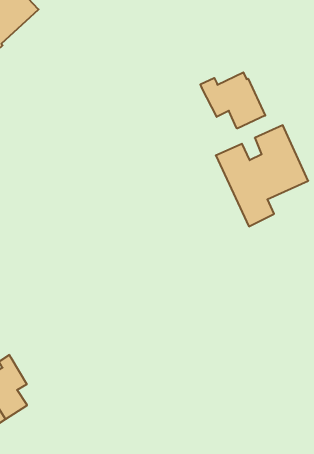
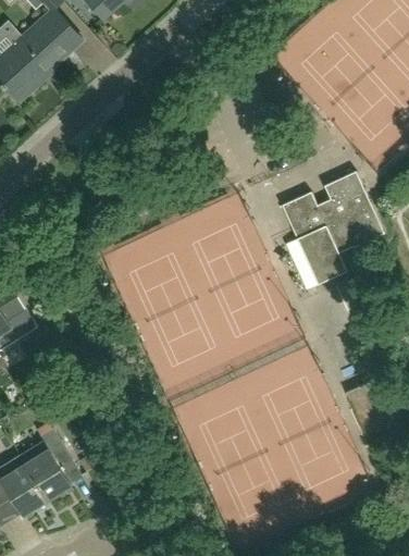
building: [200,72,265,128] -> none

